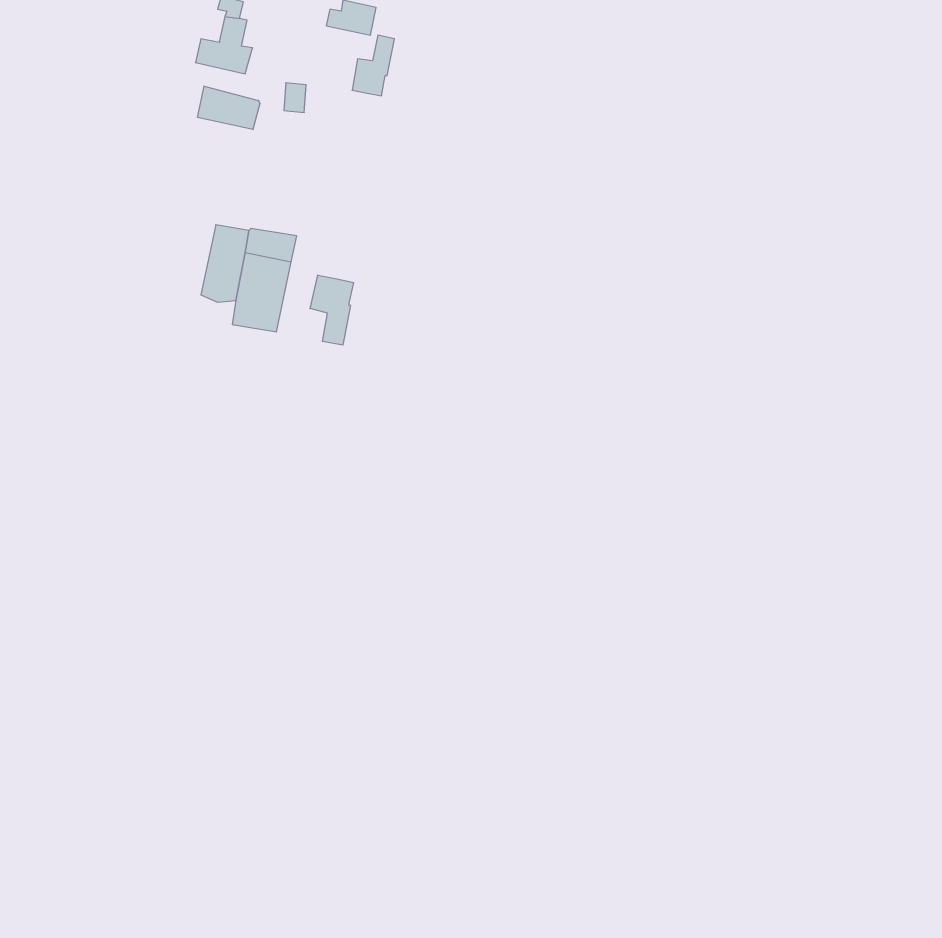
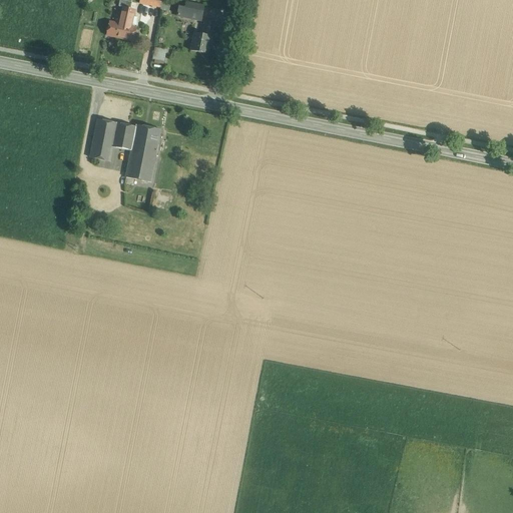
building: [198,86,260,130] -> none
building: none -> [90,118,117,160]
building: [310,275,353,345] -> none

